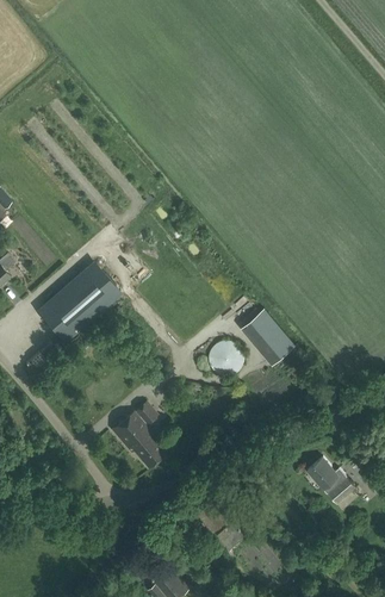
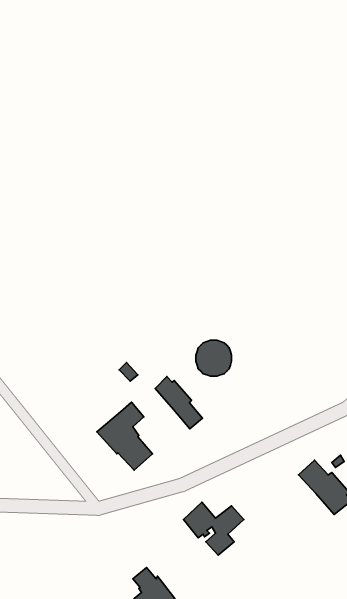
building: [38,263,118,341] -> none
building: [241,318,291,362] -> none
building: none -> [155,376,203,429]

